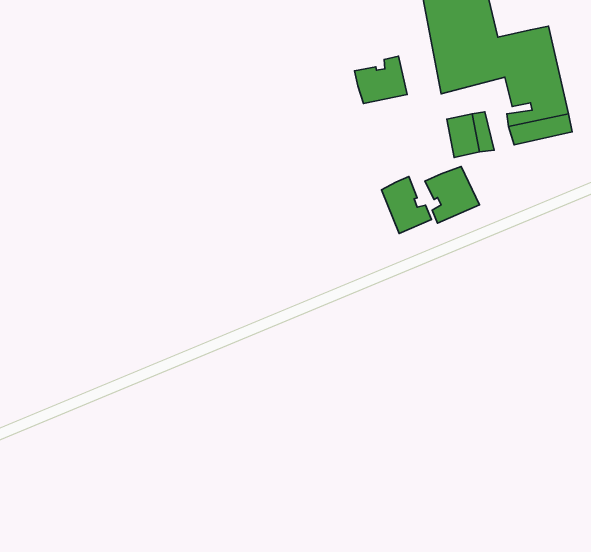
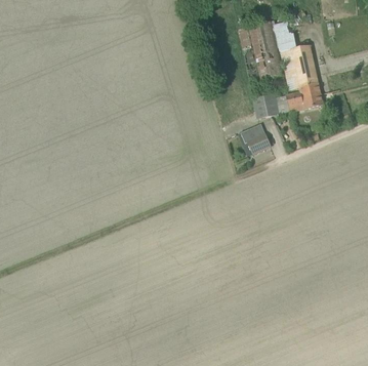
building: [355,56,407,103] -> none
building: [381,177,432,234] -> none

